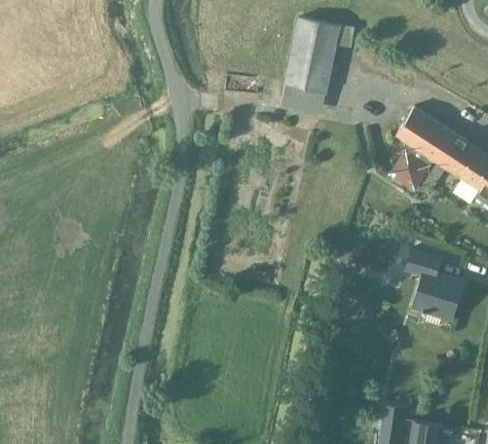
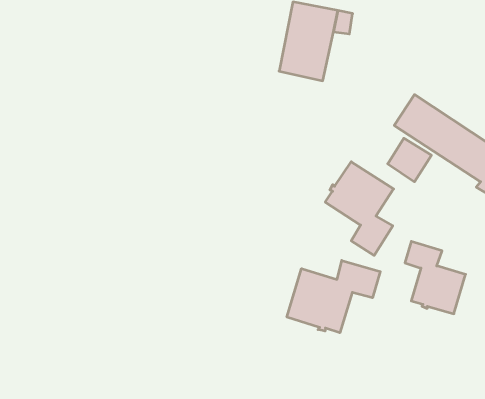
building: none -> [325,162,394,255]
building: none -> [287,260,380,333]

